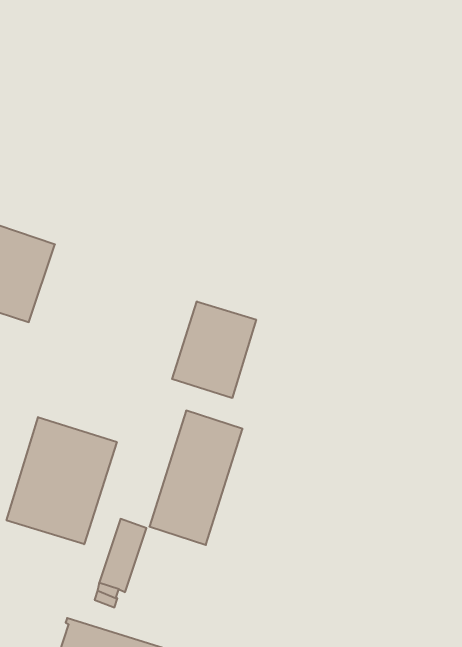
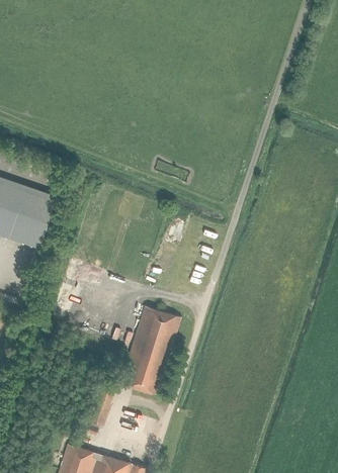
building: [172,301,256,398] -> none
building: [7,417,117,544] -> none

